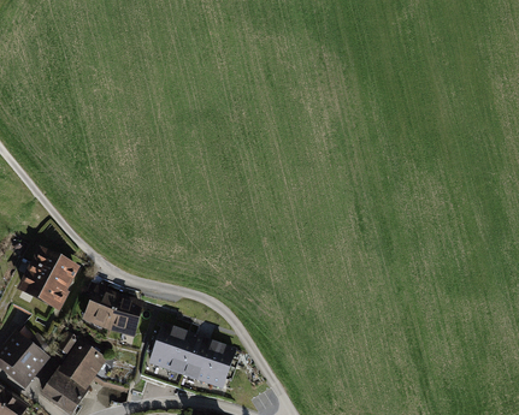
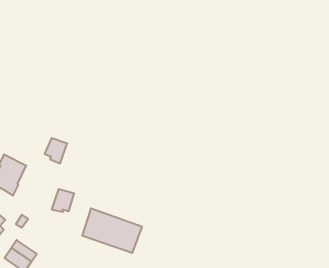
building: [87,292,118,327] -> [45,138,67,163]
building: [63,348,102,384] -> none

